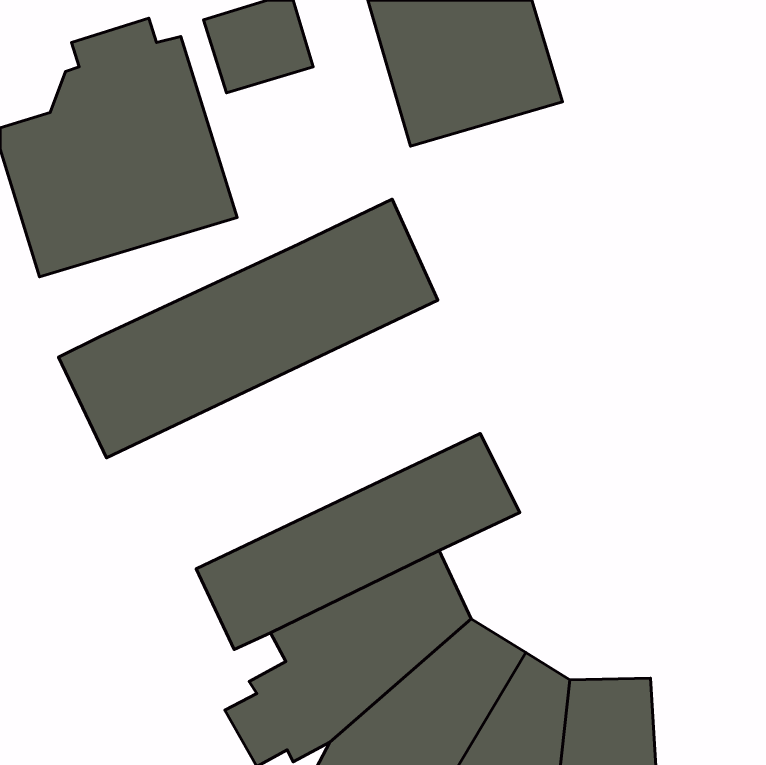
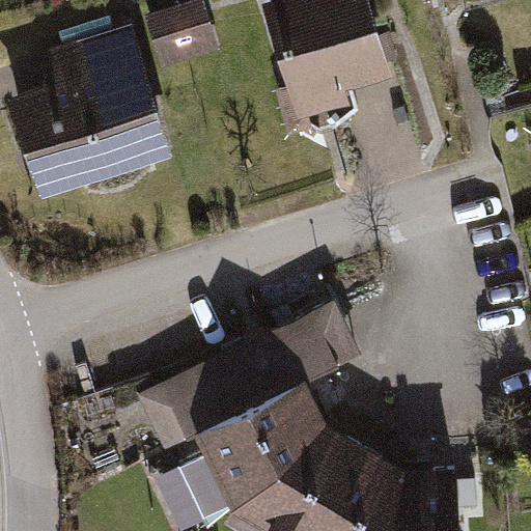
building: [58,199,438,458] -> none

